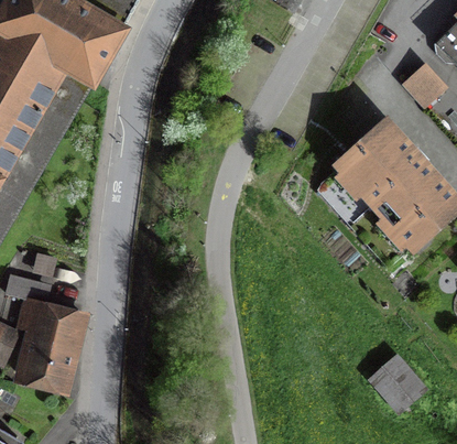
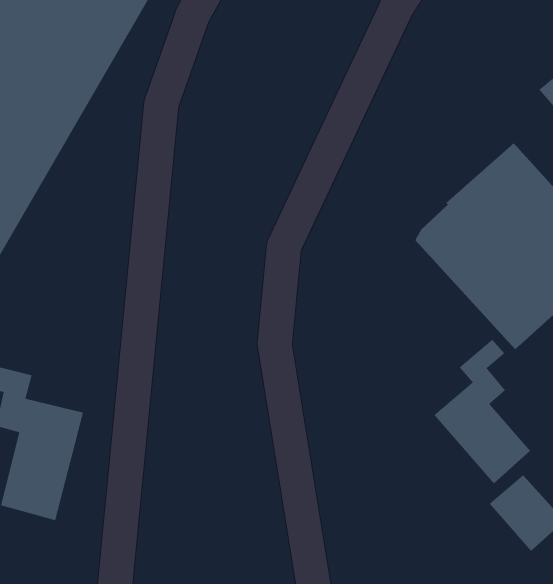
building: none -> [433,339,531,484]

